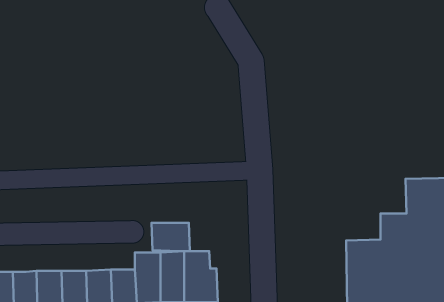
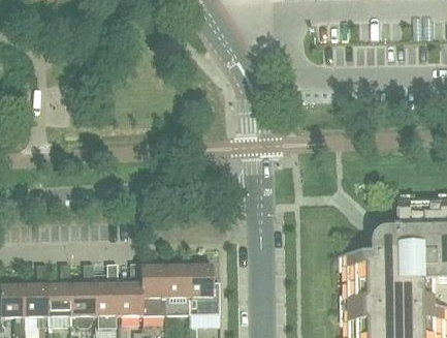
building: [152,223,190,251] -> none

